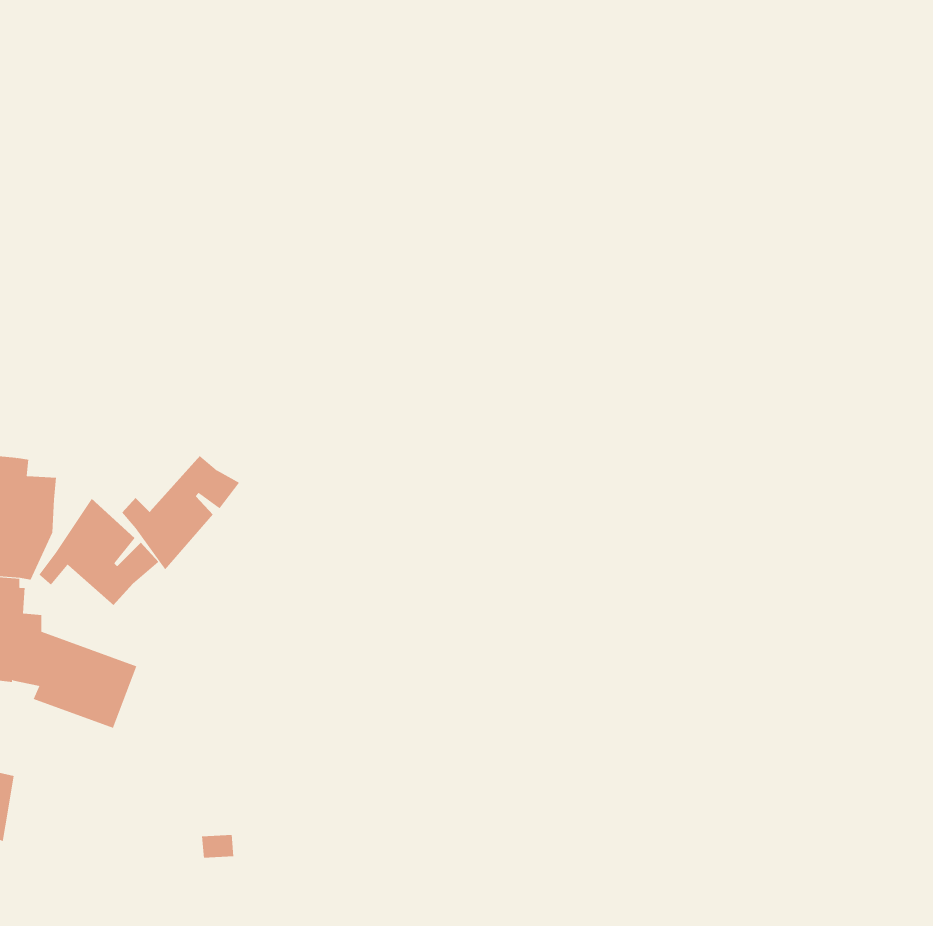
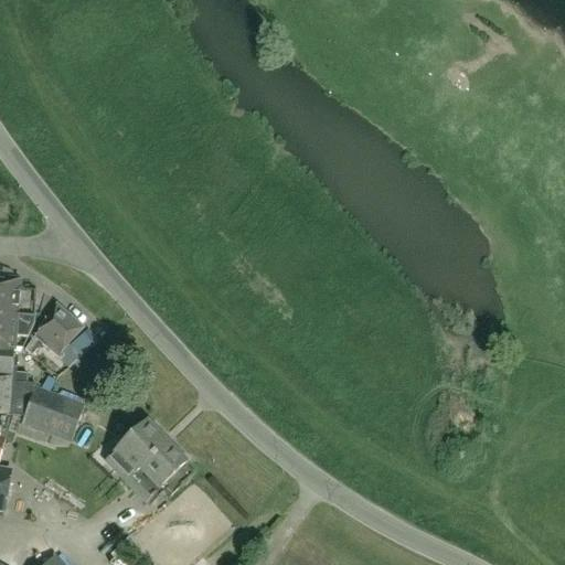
building: [122,455,240,570] -> none
building: none -> [104,417,191,499]

